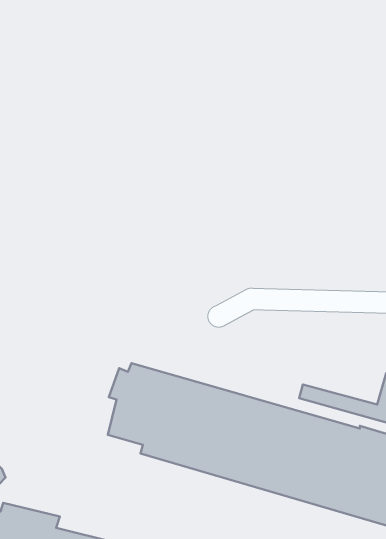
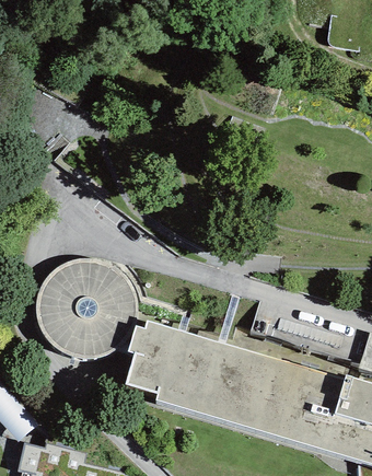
building: none -> [38,259,136,357]

